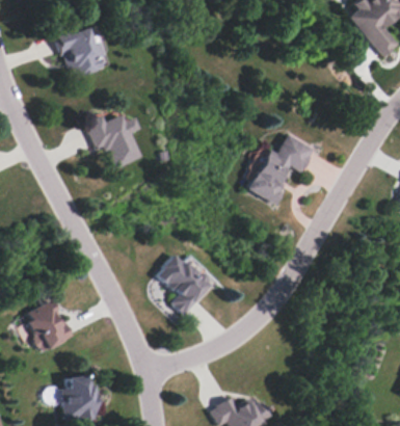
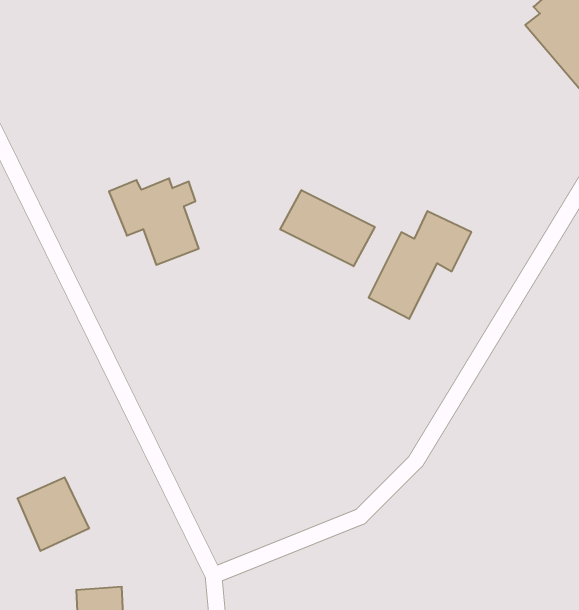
building: [57,27,107,78] -> none
building: none -> [280,190,375,266]
building: [156,255,210,316] -> none

